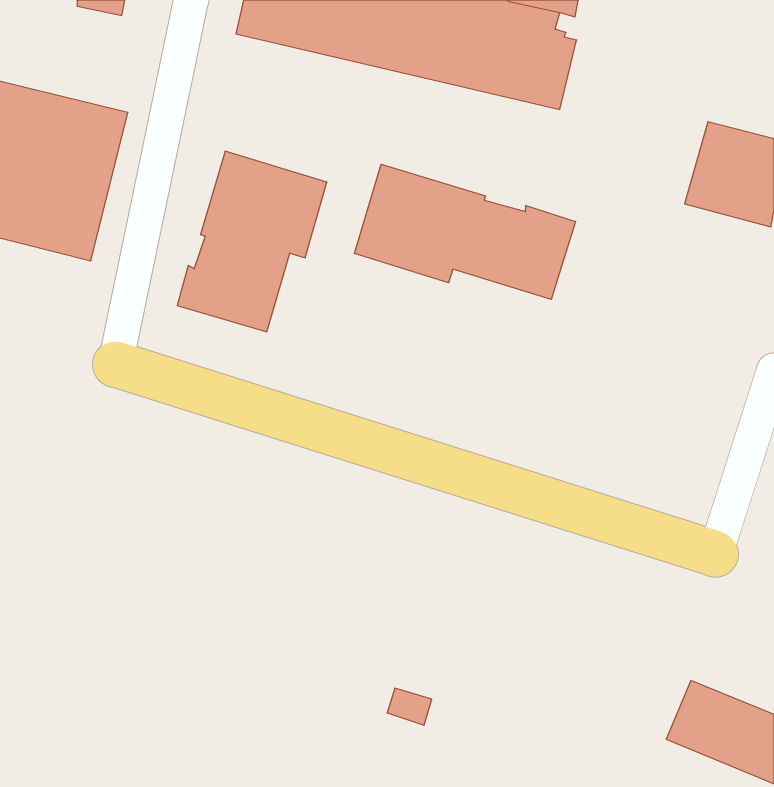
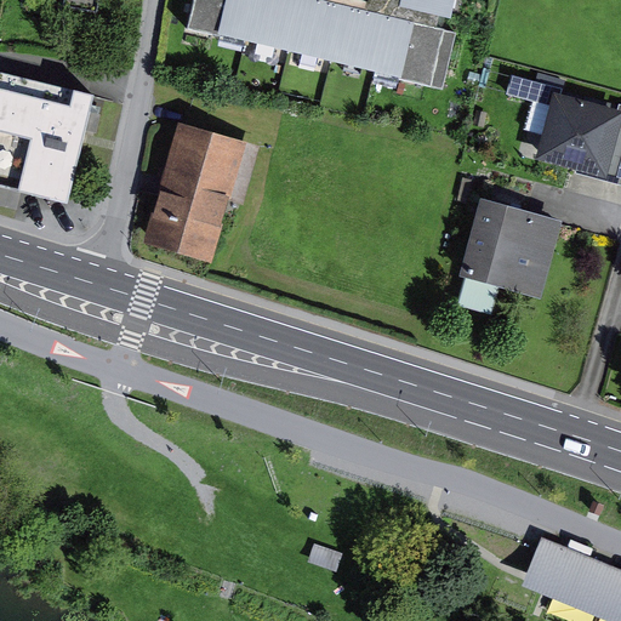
building: [354,164,576,299] -> none
building: none -> [454,195,562,317]

